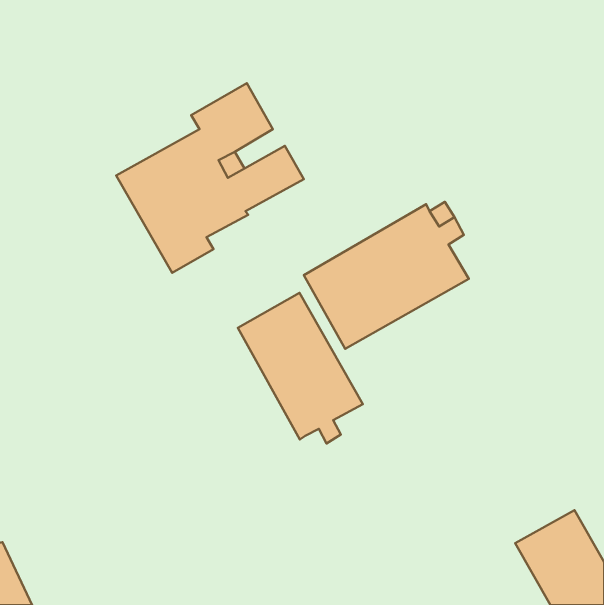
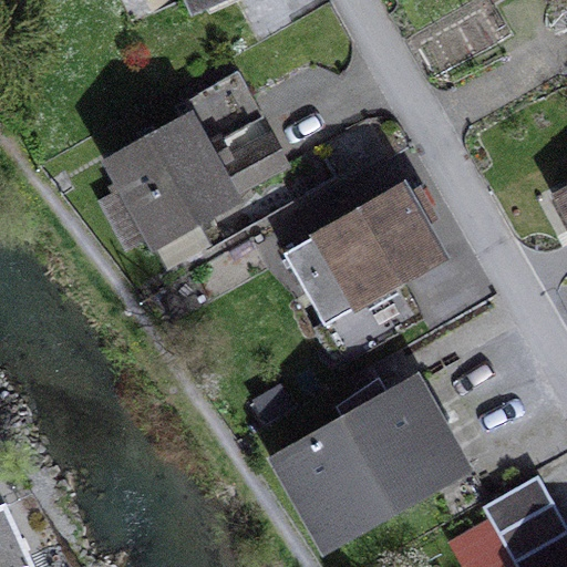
building: [238,293,363,443] -> none
building: none -> [278,384,461,545]

